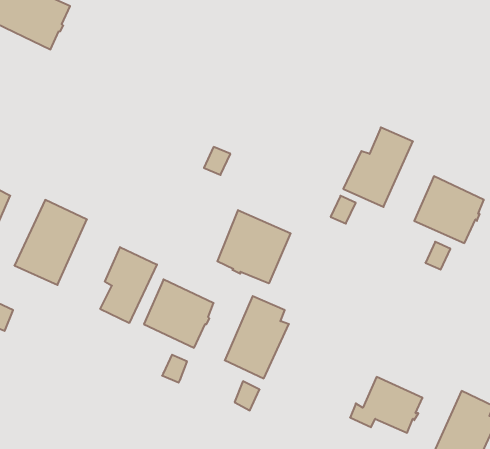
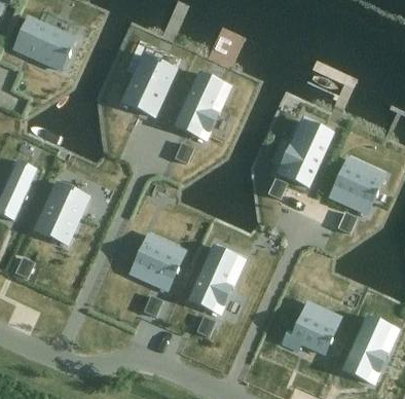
building: none -> [122,52,176,115]
building: none -> [176,77,221,138]
building: [217,210,291,283] -> none
building: [100,247,157,323] -> none

